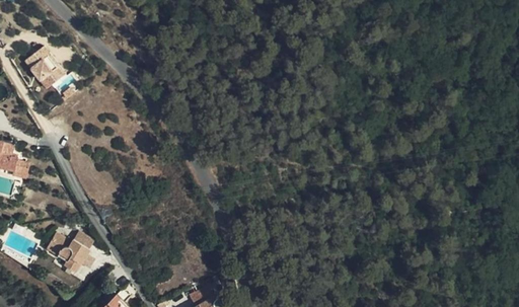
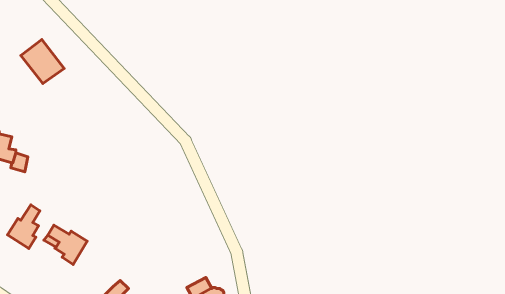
building: none -> [8,205,40,249]

